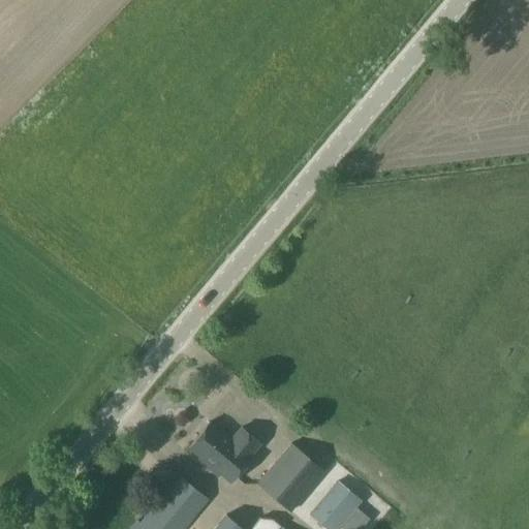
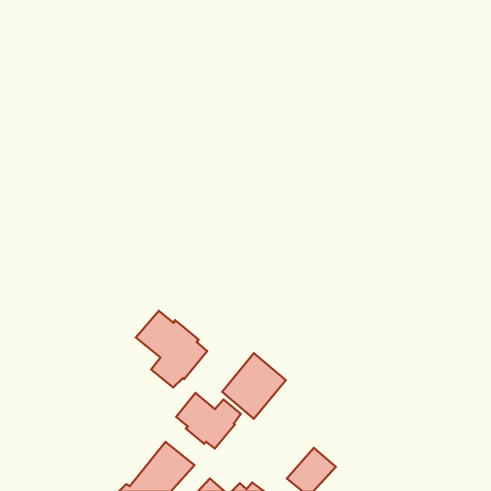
building: none -> [136,311,207,388]
building: [257,443,325,514] -> [222,353,286,419]

